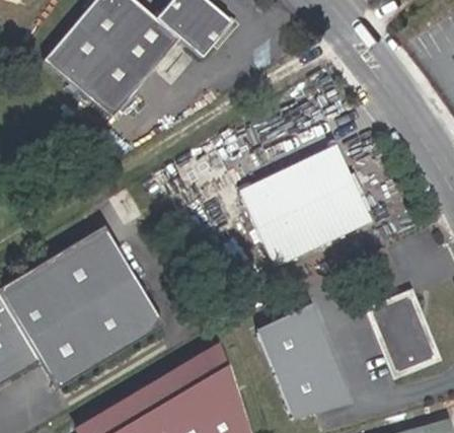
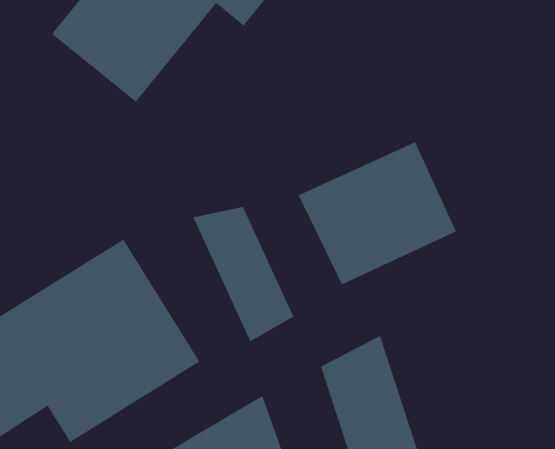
building: none -> [193,206,294,342]
building: [374,296,435,373] -> none

